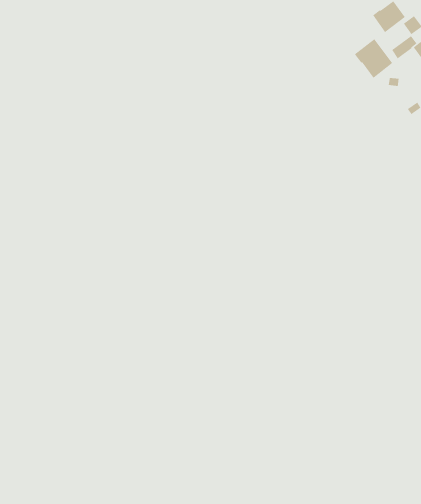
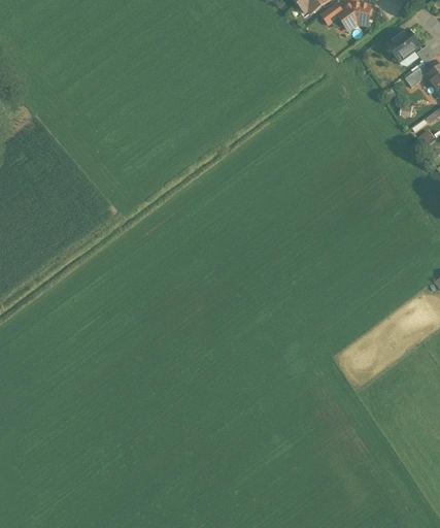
building: [354,38,393,79] -> none

